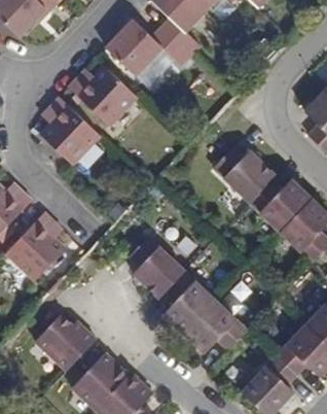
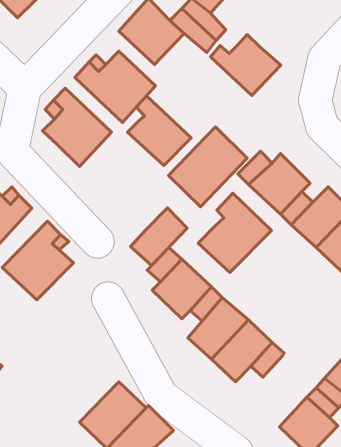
building: none -> [210,34,281,95]
building: none -> [127,96,191,166]
building: none -> [169,127,247,207]
building: none -> [198,193,271,272]
building: none -> [131,208,187,265]
building: [35,312,96,370] -> none

